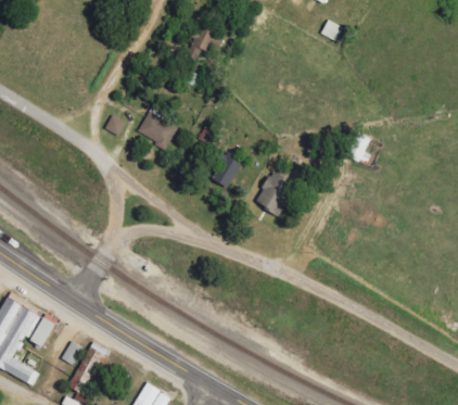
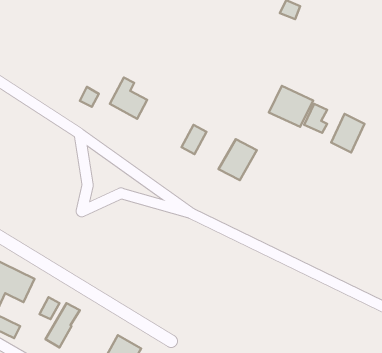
building: [188,25,224,53] -> none
building: none -> [269,86,313,127]
building: none -> [331,114,364,152]

